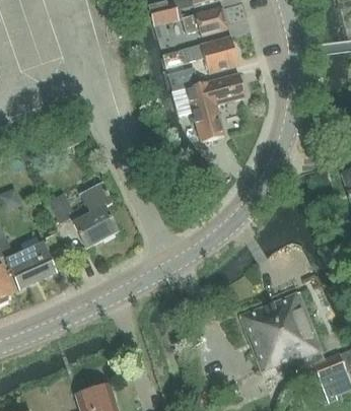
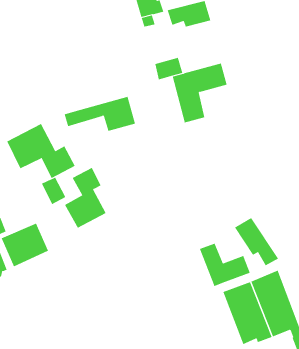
building: [161,35,237,72] -> [64,96,136,131]
building: none -> [7,123,76,179]
building: none -> [234,217,279,266]
building: none -> [199,243,251,287]

